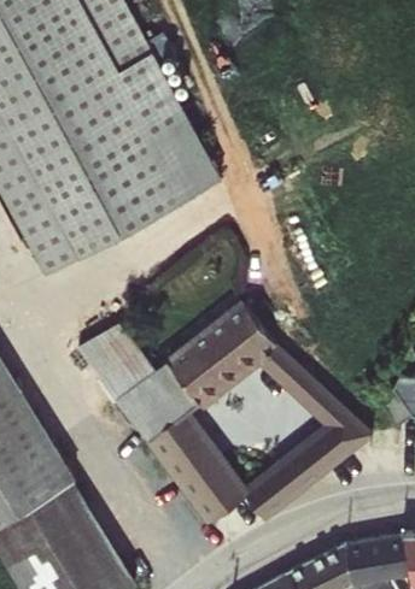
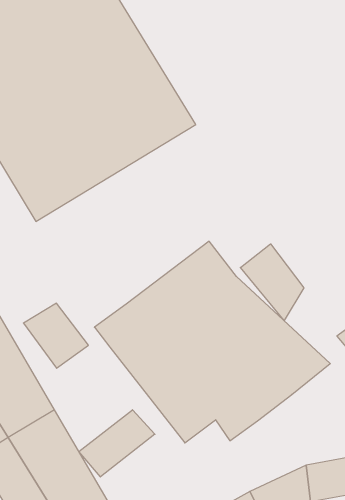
building: none -> [240,244,304,321]
building: [80,323,151,394] -> [23,303,88,368]
building: none -> [79,410,155,477]

